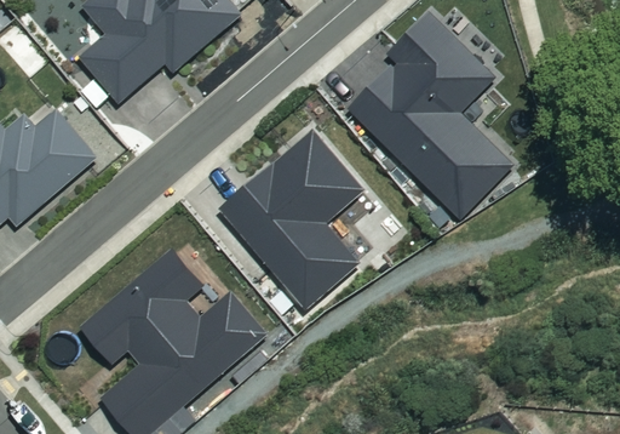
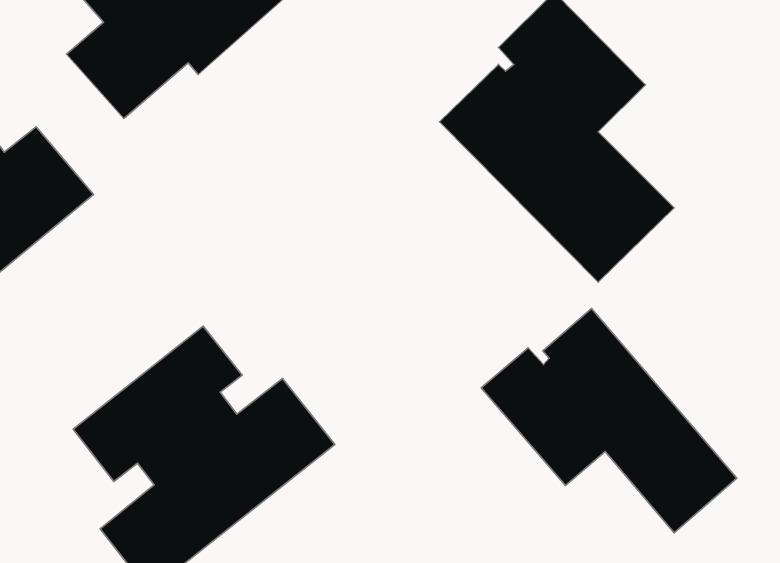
building: [218,127,364,309] -> none
building: none -> [481,308,737,533]

